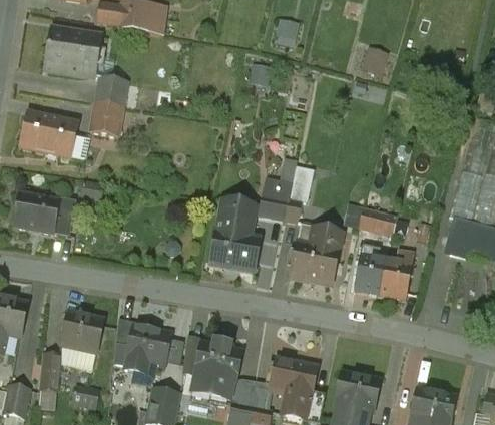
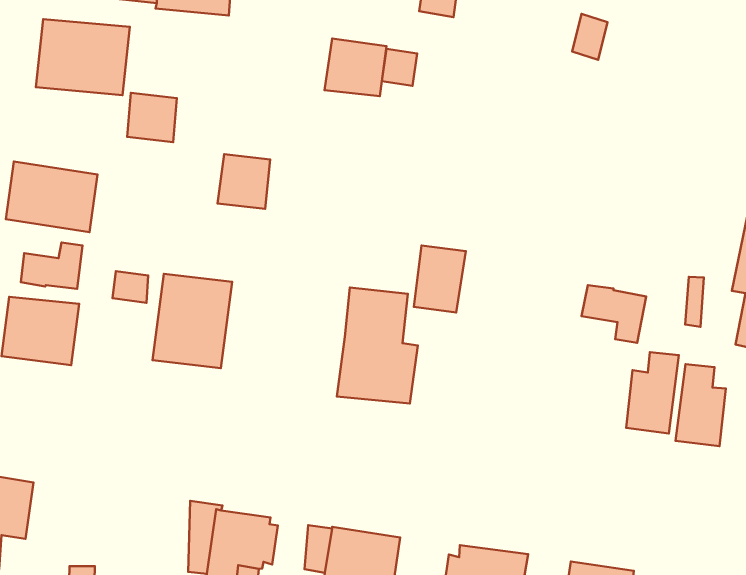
building: none -> [325,38,387,96]
building: [90,101,123,135] -> [217,154,270,209]
building: none -> [21,242,83,289]
building: [285,164,315,221] -> none
building: none -> [152,274,232,368]
building: [290,223,343,284] -> none
building: [355,244,387,294] -> [675,364,726,446]
building: [61,312,103,355] -> none

